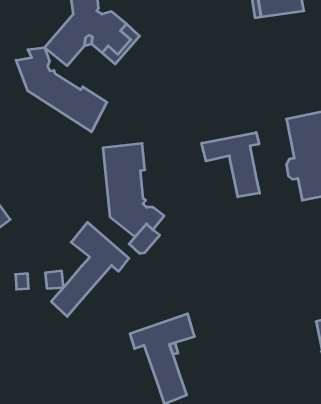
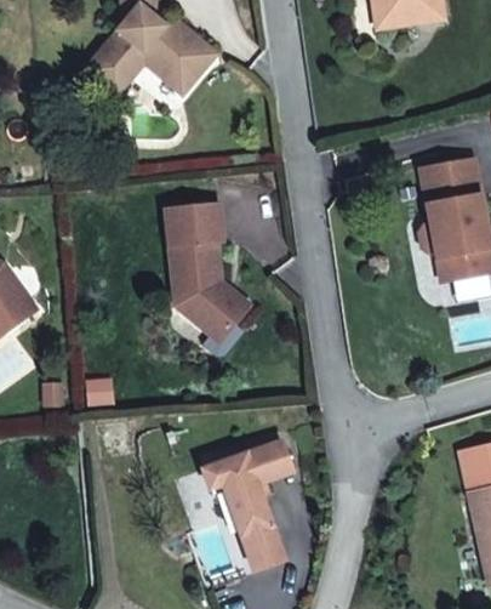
building: [16,47,107,132] -> none
building: [202,132,260,197] -> none
building: [51,222,129,317] -> none

